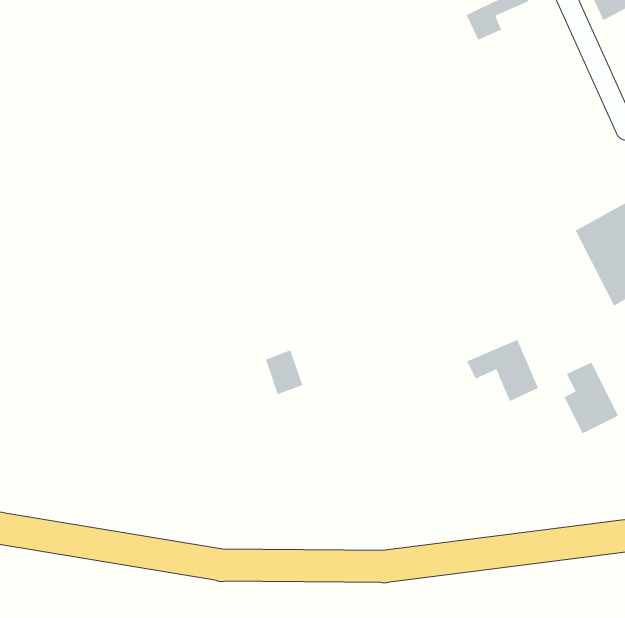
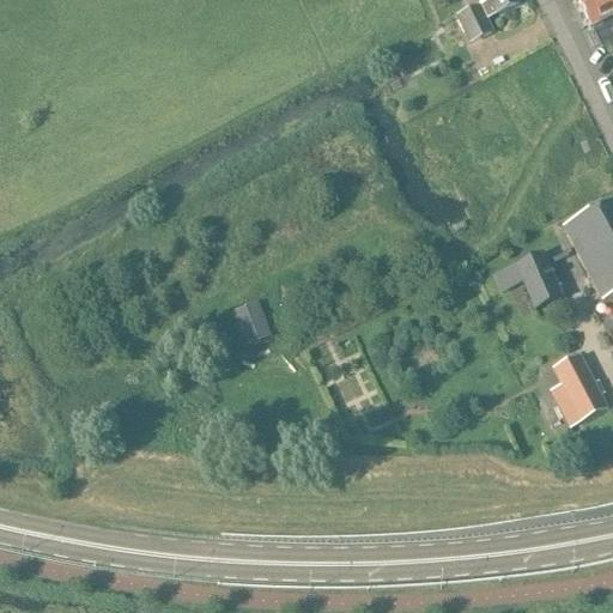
building: [467,339,539,402] -> [493,248,564,309]
building: [265,350,303,395] -> [233,297,271,341]

